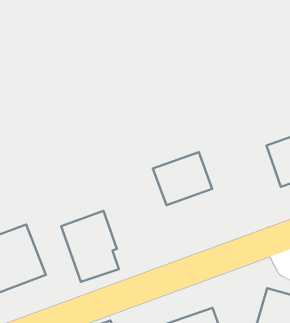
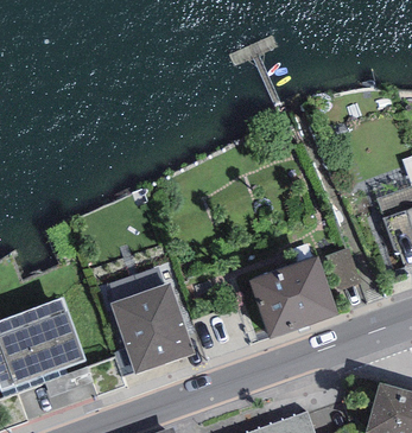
building: [153,152,212,205] -> [255,263,334,333]

